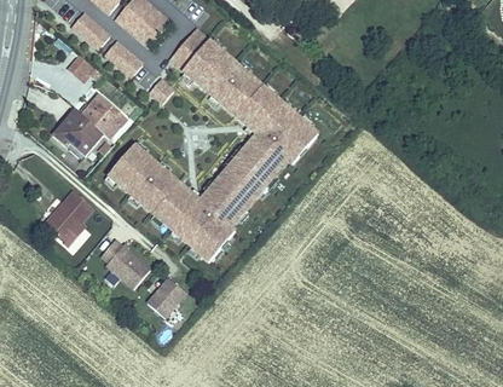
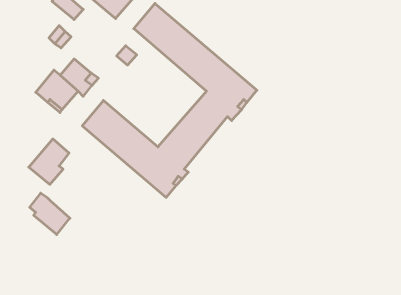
building: [104,40,141,76] -> none
building: [100,238,149,288] -> [30,193,70,235]
building: [146,277,185,317] -> none

